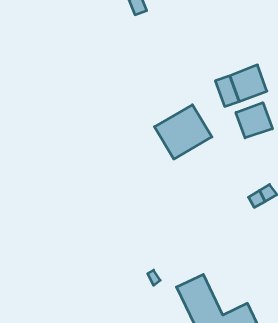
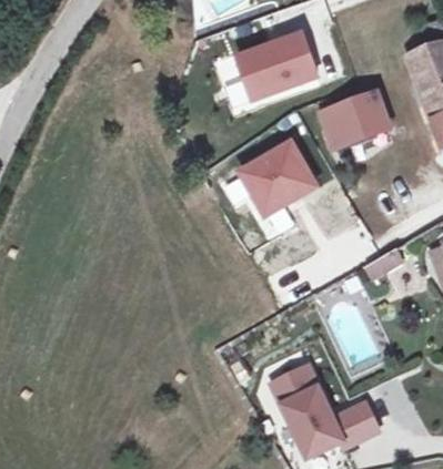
building: none -> [238,41,316,100]
building: [236,103,272,138] -> none

